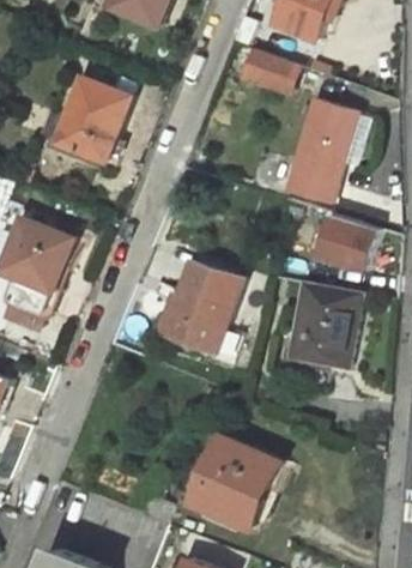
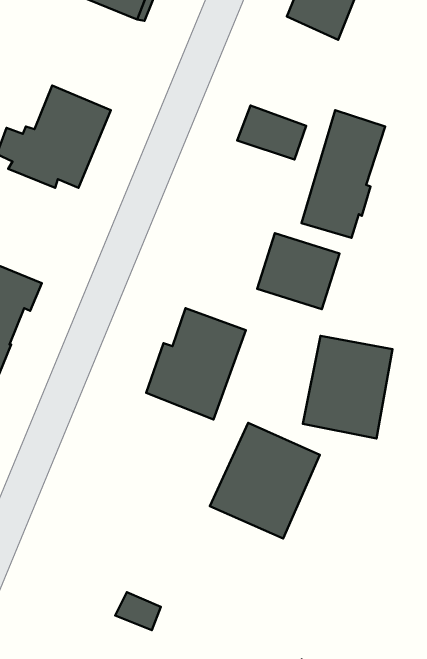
building: [243,48,299,92] -> [237,105,306,160]
building: [316,210,383,272] -> [257,233,339,309]
building: [190,435,280,530] -> [210,423,320,538]

